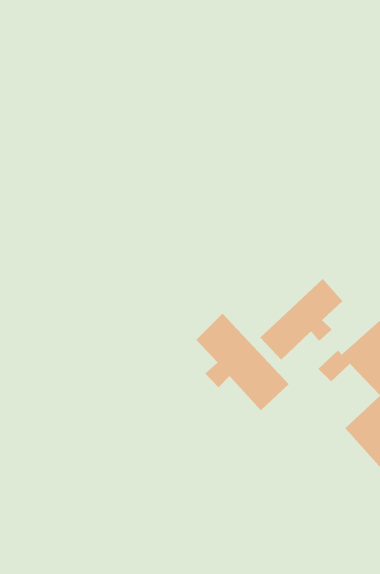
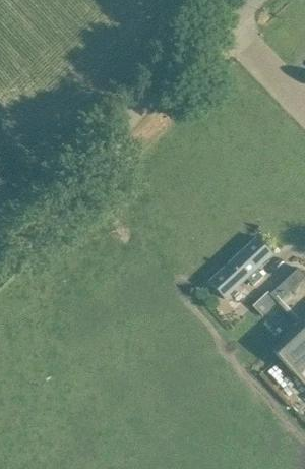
building: [195,313,290,411] -> none

